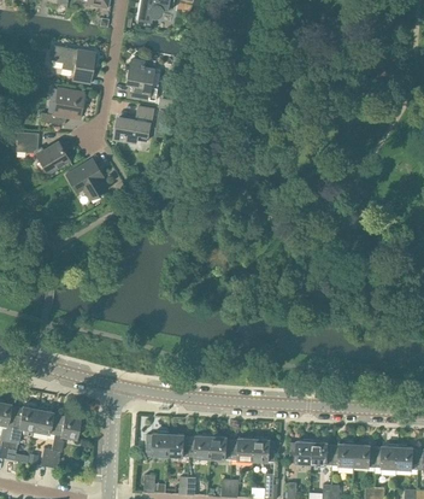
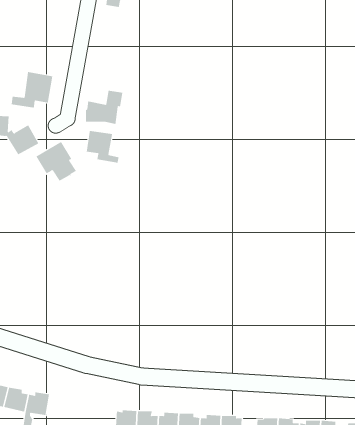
building: [51,46,96,84] -> none
building: [128,59,158,101] -> none
building: none -> [86,130,119,163]

